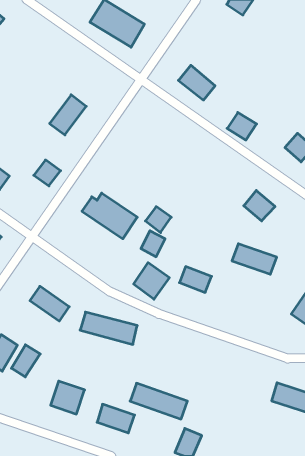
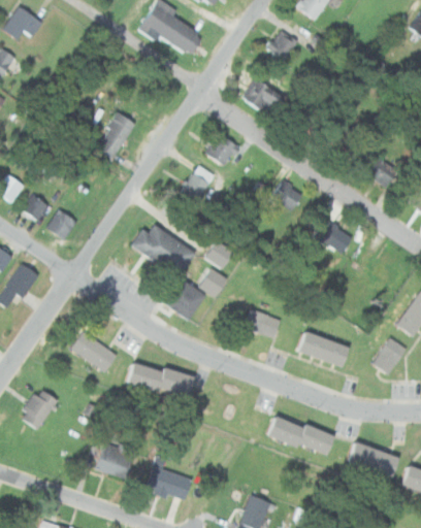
building: none -> [267,30,297,59]
building: [227,112,257,140] -> [269,179,303,211]
building: none -> [205,133,247,167]
building: none -> [179,164,215,203]
building: [34,160,61,186] -> [45,208,76,238]
building: [232,244,277,274] -> [299,331,351,366]
building: [134,263,169,299] -> [164,277,205,320]
building: [11,345,40,377] -> none
building: [130,383,187,419] -> [269,415,335,456]

